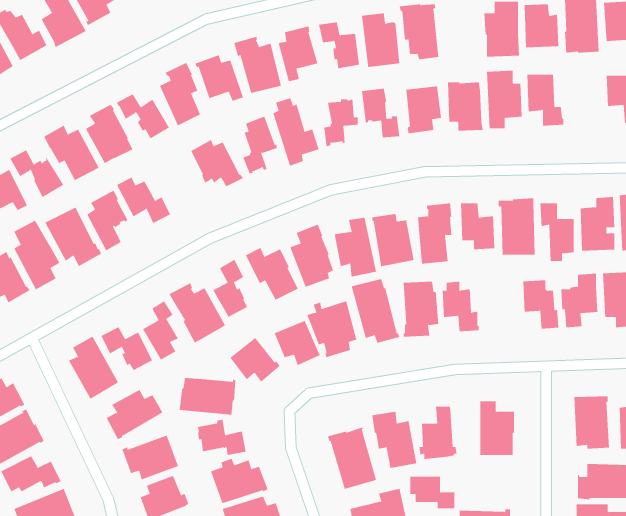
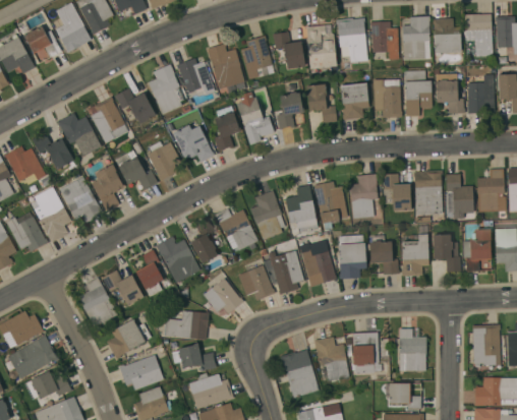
building: none -> [369,21,399,59]
building: none -> [467,75,495,114]
building: none -> [148,141,181,181]
building: none -> [402,234,428,276]
building: [409,476,455,509] -> [386,383,421,409]

